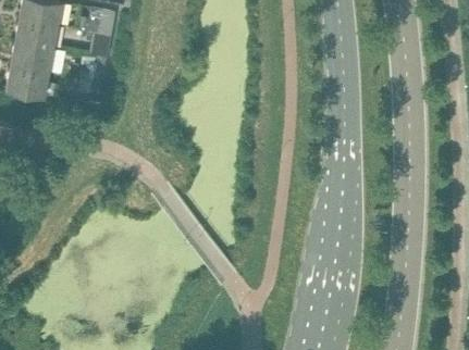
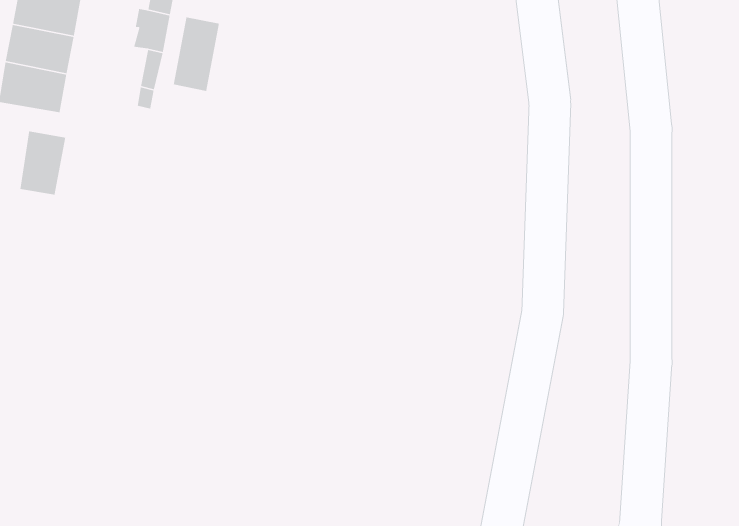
building: none -> [173,16,220,92]
building: none -> [19,131,66,196]

